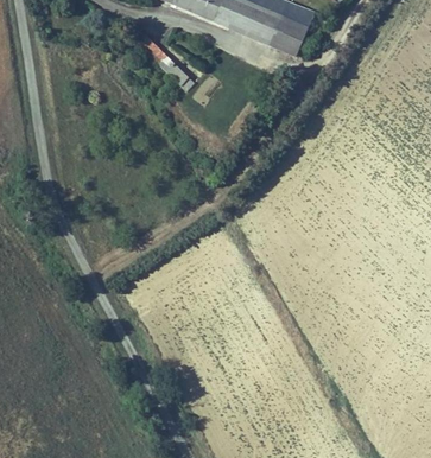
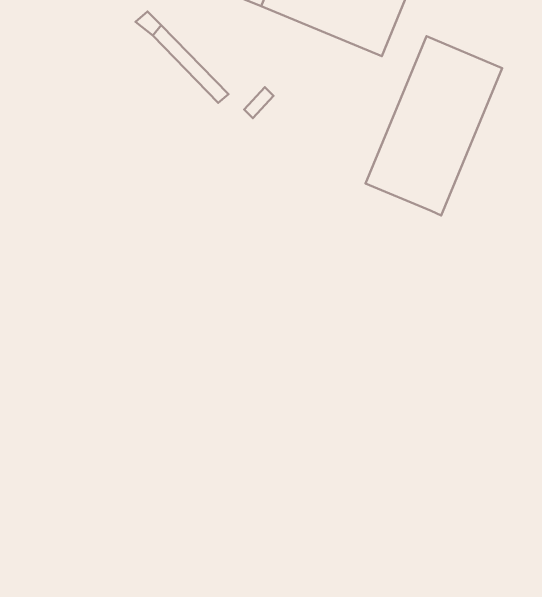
building: none -> [366,36,502,215]

